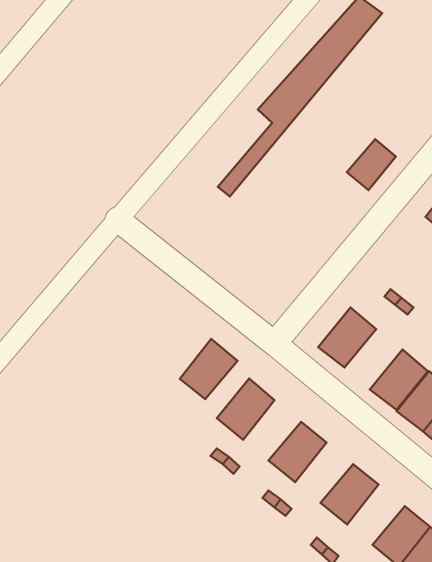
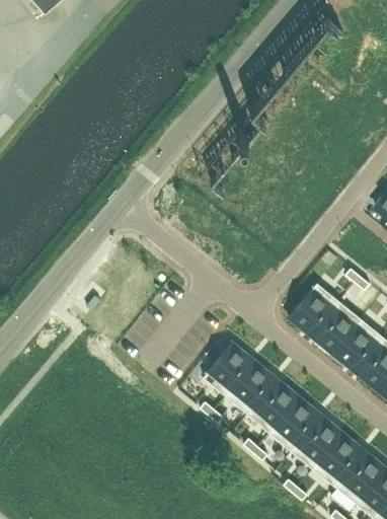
building: [347,139,396,190] -> none
building: none -> [311,301,360,352]
building: [180,339,238,399] -> [226,361,275,412]
building: none -> [269,396,318,447]
building: none -> [313,432,362,483]

